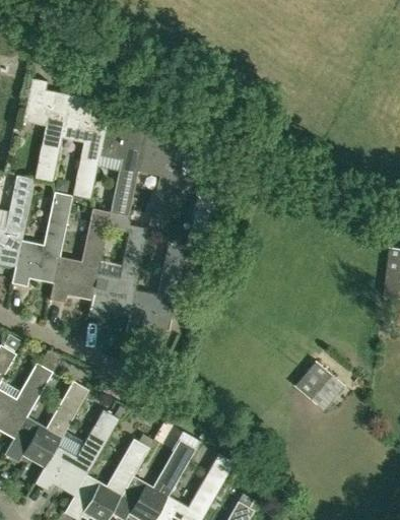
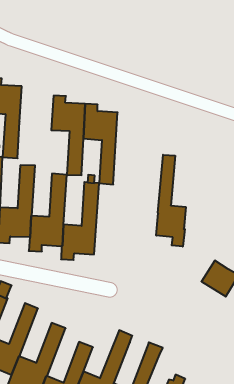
building: [99,112,146,216] -> none
building: none -> [156,155,186,247]

